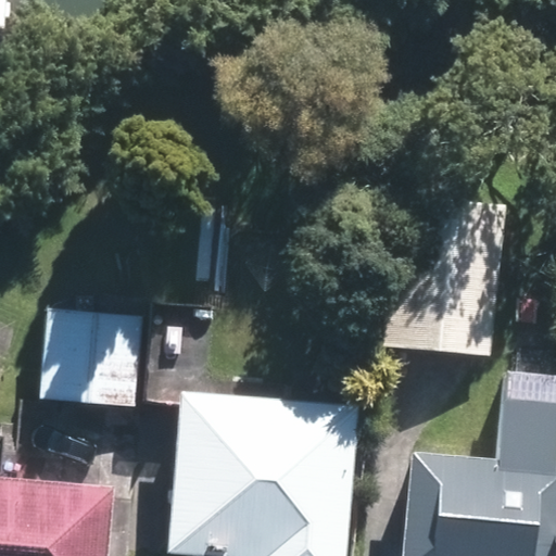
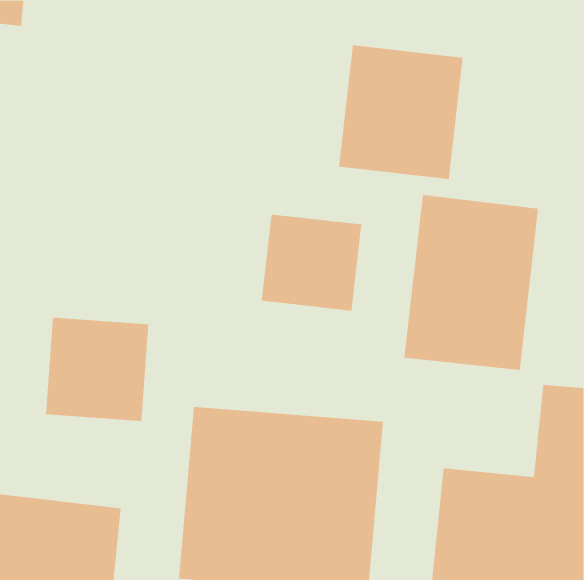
building: none -> [339,45,463,180]
building: none -> [261,214,362,312]

